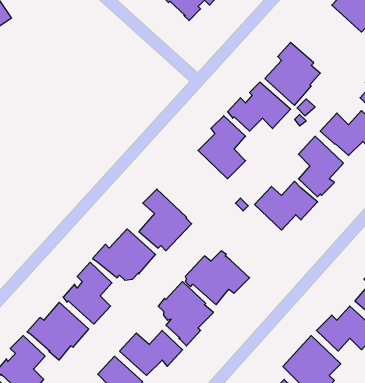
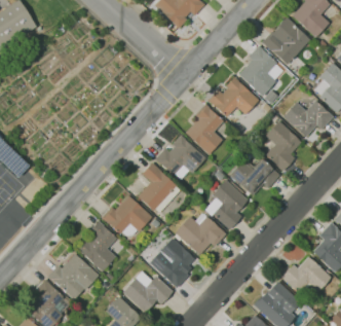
building: none -> [262,16,311,65]
building: none -> [156,135,205,178]
building: none -> [205,179,248,229]

